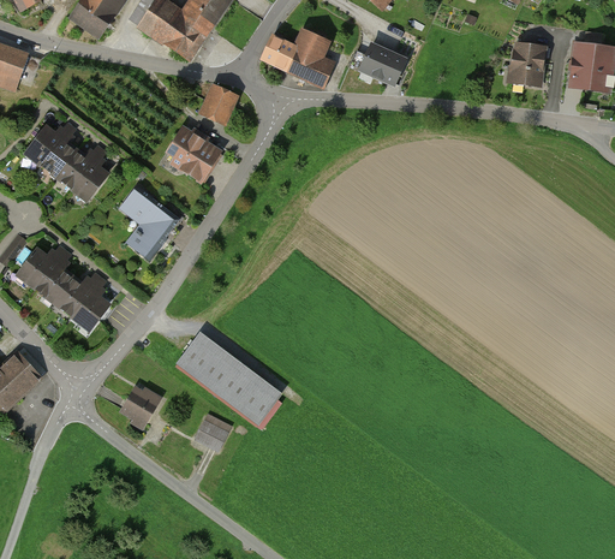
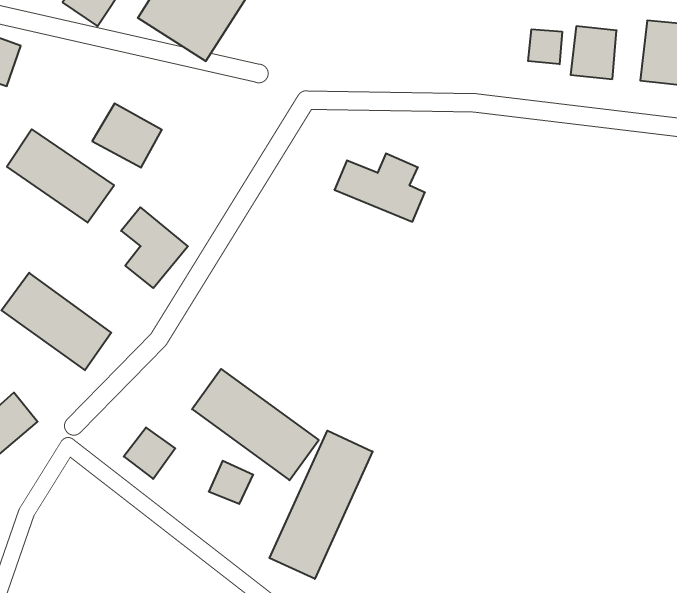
building: [261,22,339,81] -> [334,153,425,222]
building: [357,34,404,81] -> none
building: none -> [528,29,562,64]
building: [198,85,237,125] -> none
building: [163,129,223,184] -> [92,103,162,168]
building: none -> [269,431,373,579]

